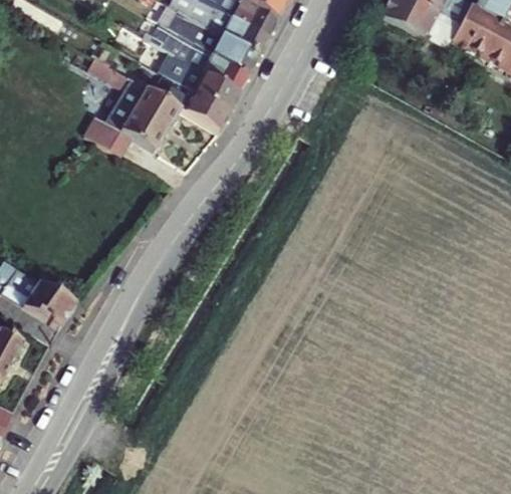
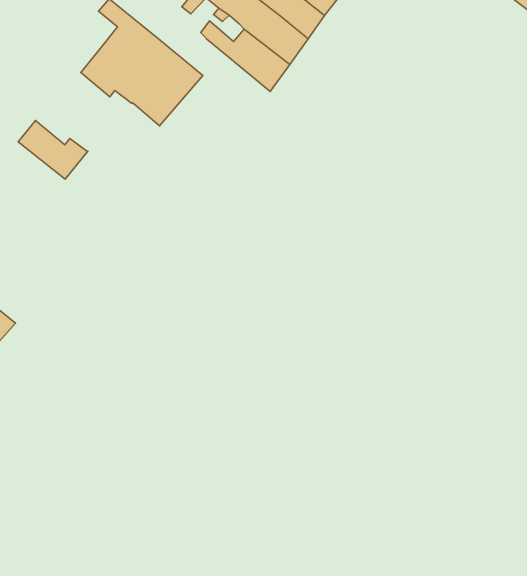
building: [144,77,228,131] -> none
building: [82,118,133,157] -> [18,120,88,179]

